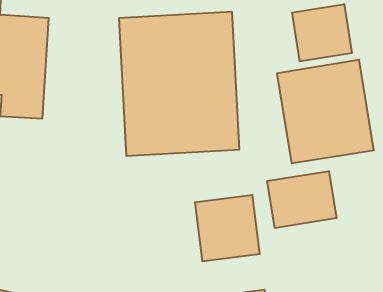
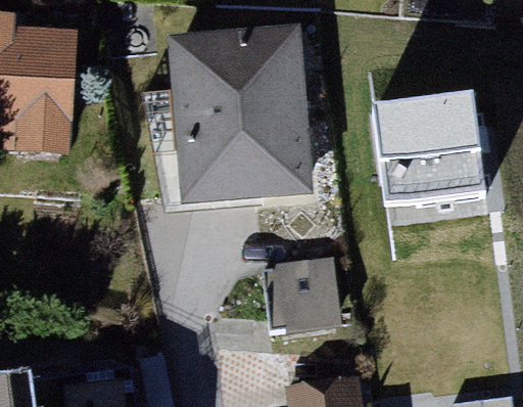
building: [292,4,352,61] -> none
building: [267,171,337,228] -> none

